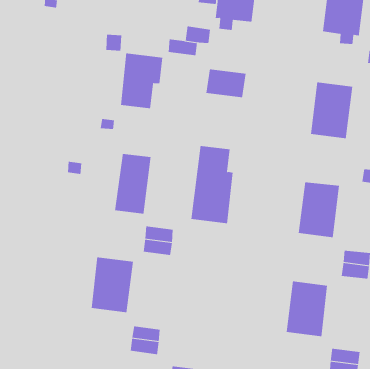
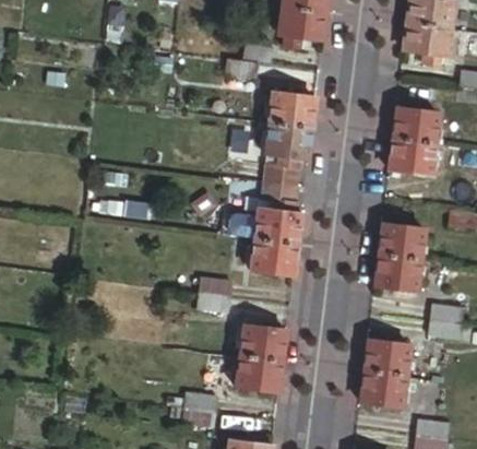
building: [120,53,163,109] -> [262,121,312,187]
building: [115,153,151,214] -> none
building: [91,257,134,313] -> [237,326,287,391]

